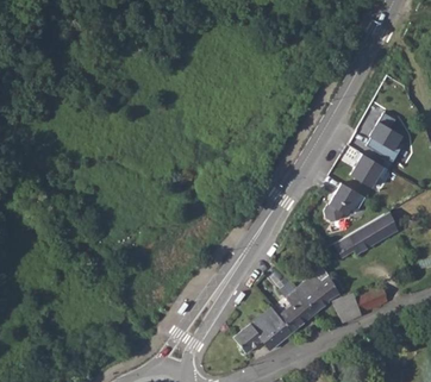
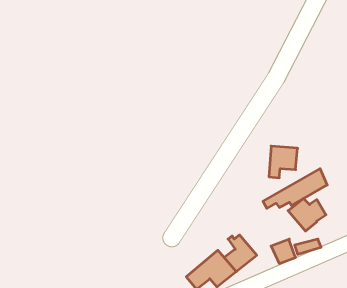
building: [366,109,405,159] -> none
building: [350,151,386,186] -> none
building: [295,274,339,312] -> [288,198,326,231]

